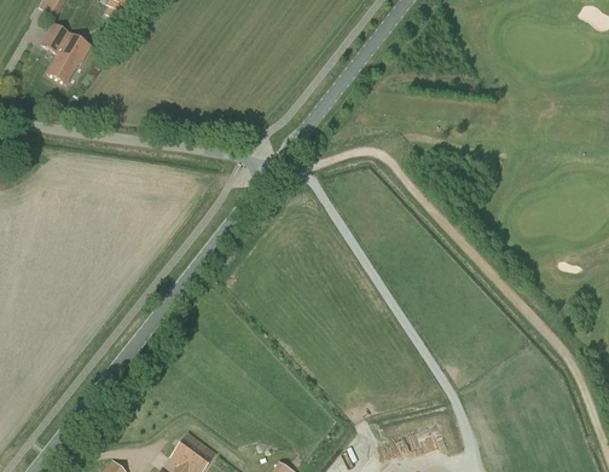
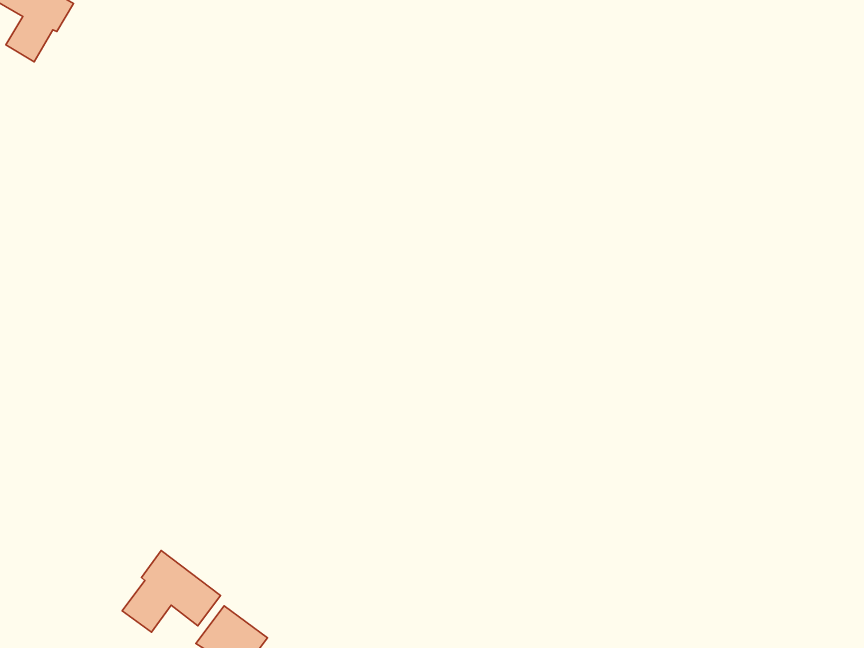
building: none -> [122,550,221,632]

